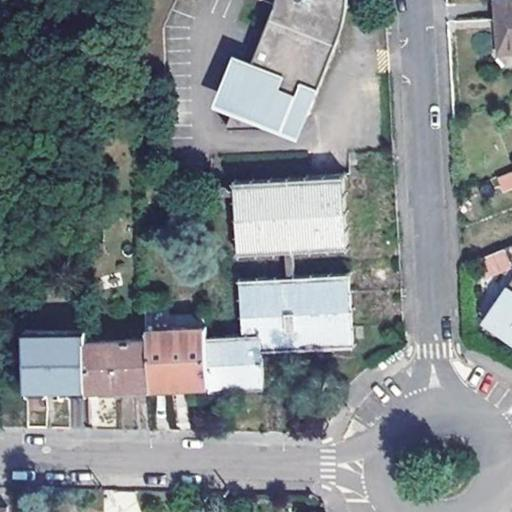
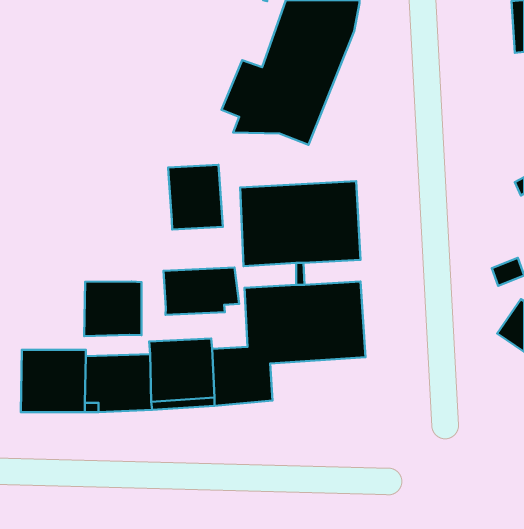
building: none -> [168,165,223,229]
building: none -> [163,267,239,315]
building: none -> [84,282,141,336]

